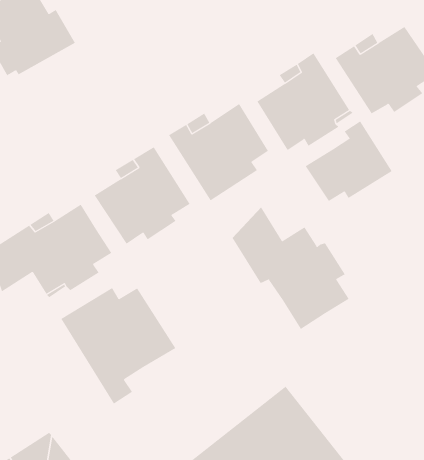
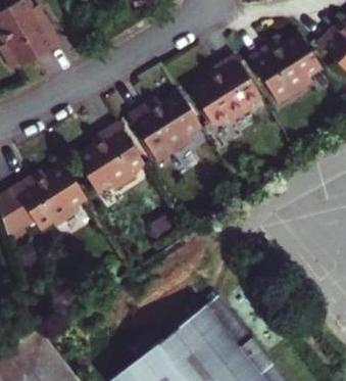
building: [305,120,393,202] -> none
building: [232,207,350,330] -> none
building: [61,287,176,404] -> none

